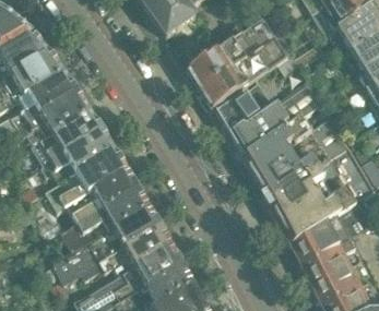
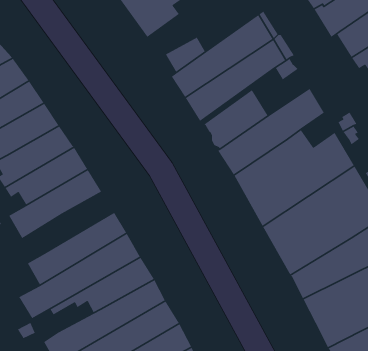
building: [71,168,137,222] -> none

